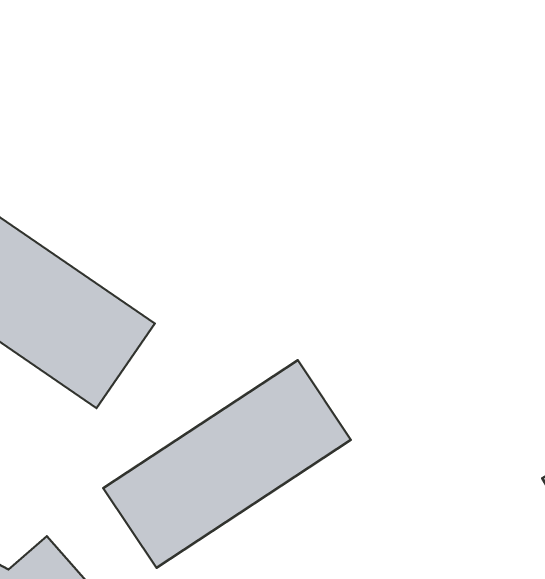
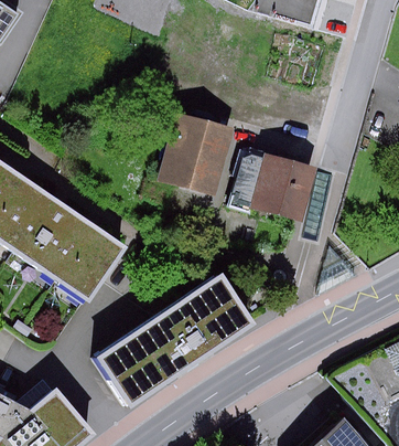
building: none -> [152,113,229,197]
building: none -> [228,157,309,221]

